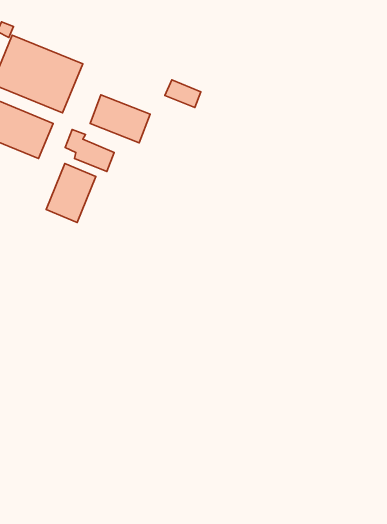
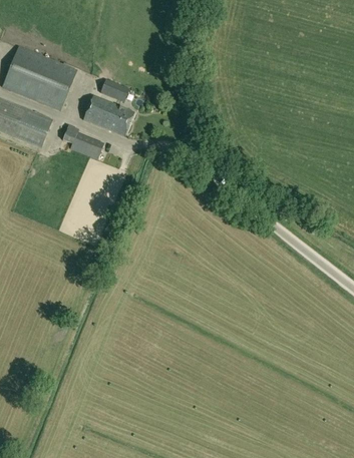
building: [165,80,201,107] -> [99,78,129,101]
building: [46,164,96,222] -> none

